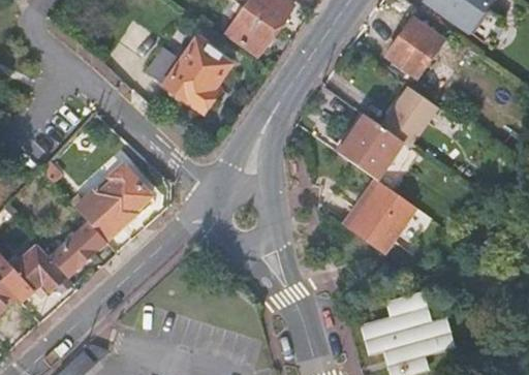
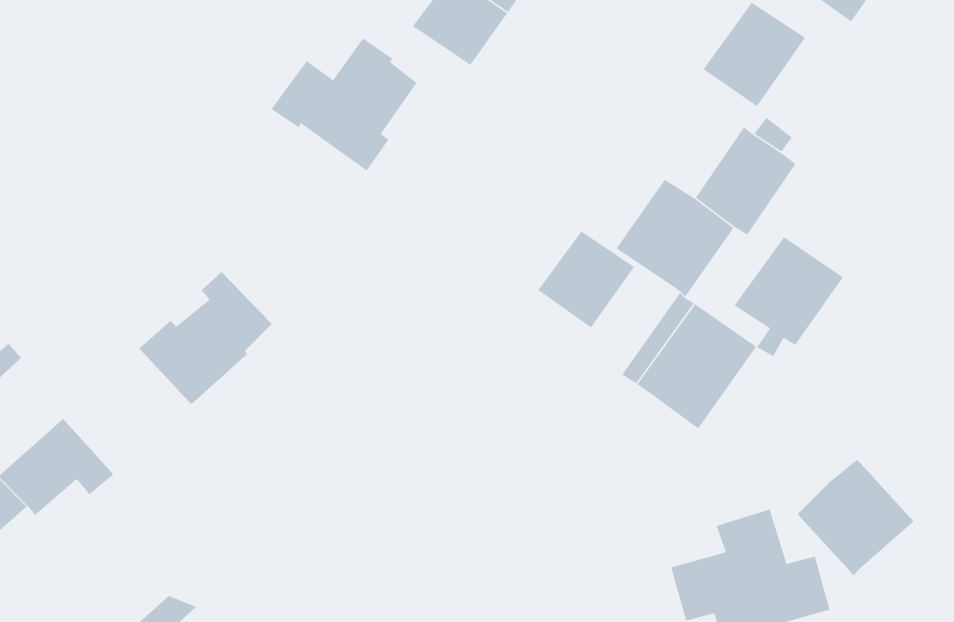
building: none -> [537,230,635,328]
building: none -> [734,236,844,357]
building: [51,222,104,274] -> none
building: none -> [797,459,914,577]

